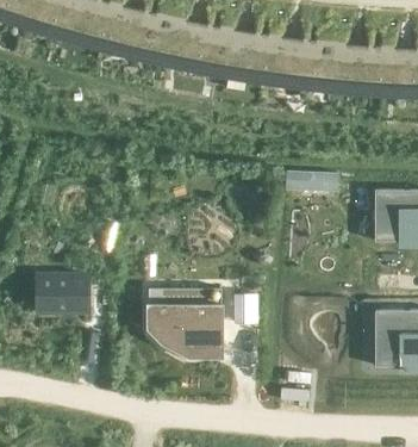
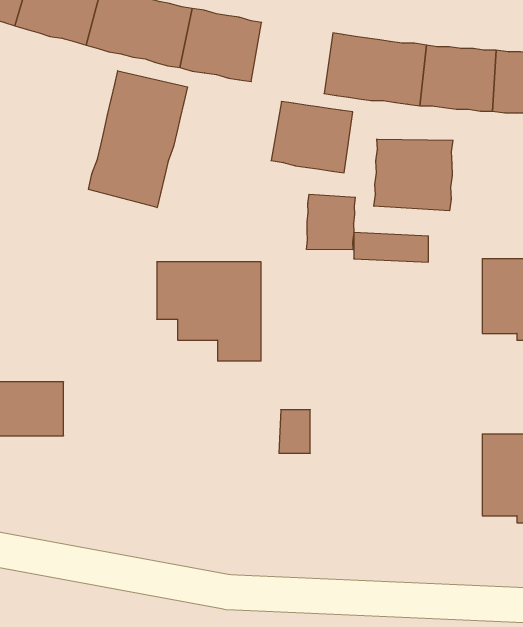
building: [214,30,270,79] -> [271,102,353,173]
building: none -> [88,71,187,208]
building: none -> [374,139,453,211]
building: none -> [306,194,355,250]
building: [146,290,218,358] -> [157,262,261,361]

